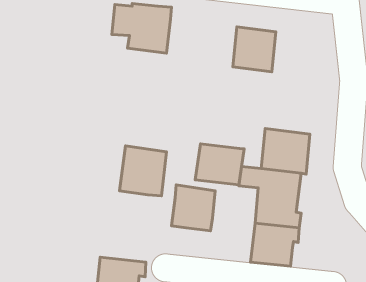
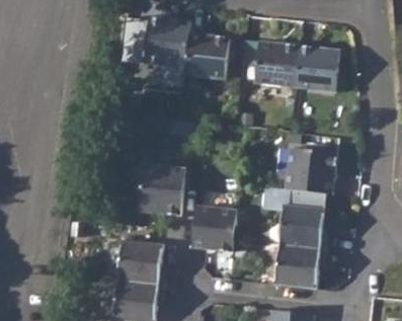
building: none -> [185,31,230,85]
building: none -> [296,45,338,91]
building: [195,144,244,185] -> none
building: none -> [117,237,167,284]

